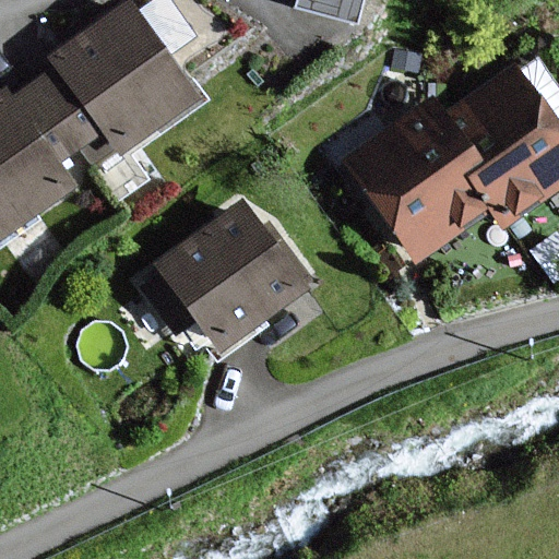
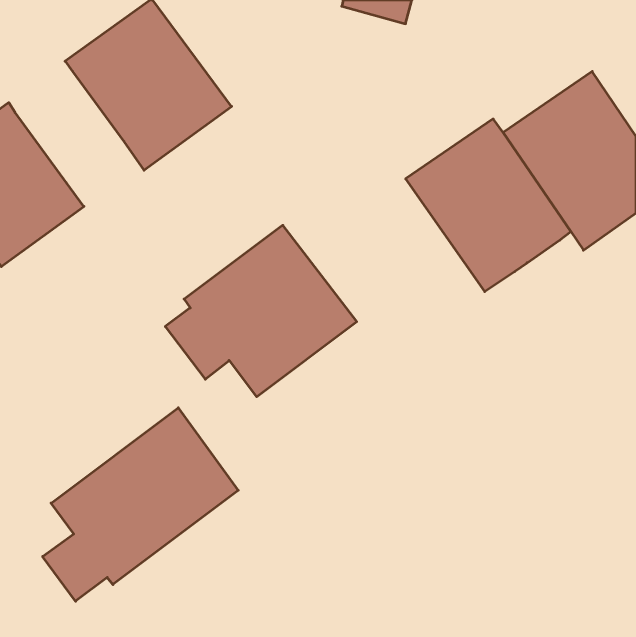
building: [13,64,108,162] -> none
building: none -> [43,408,238,601]

